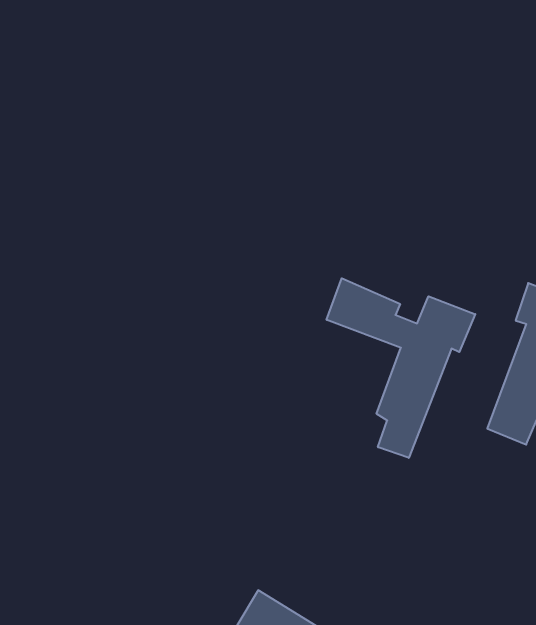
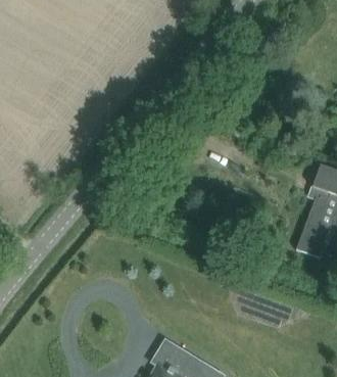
building: [327,278,475,458] -> none

